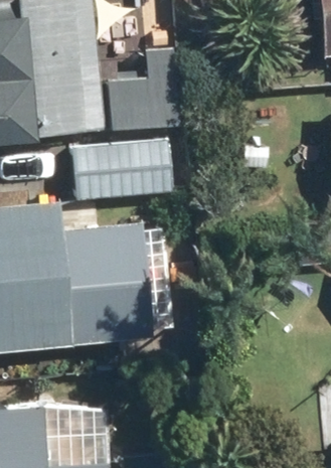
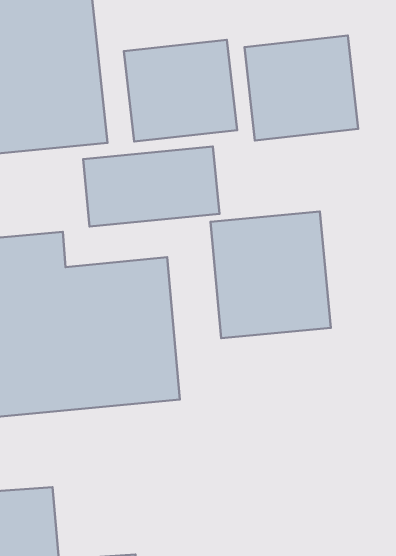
building: none -> [245,36,358,140]
building: none -> [210,211,331,338]

